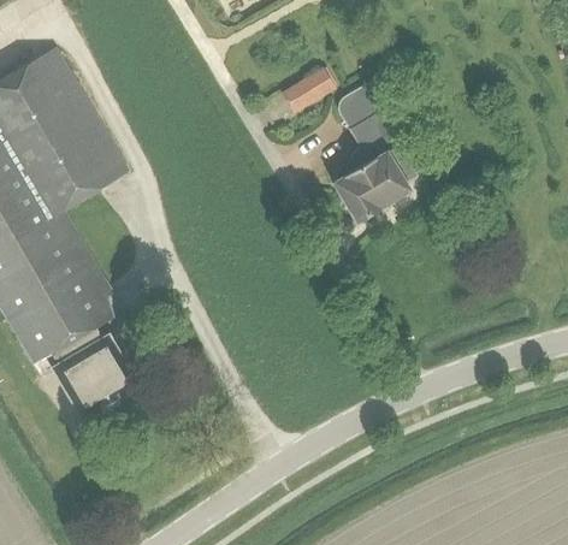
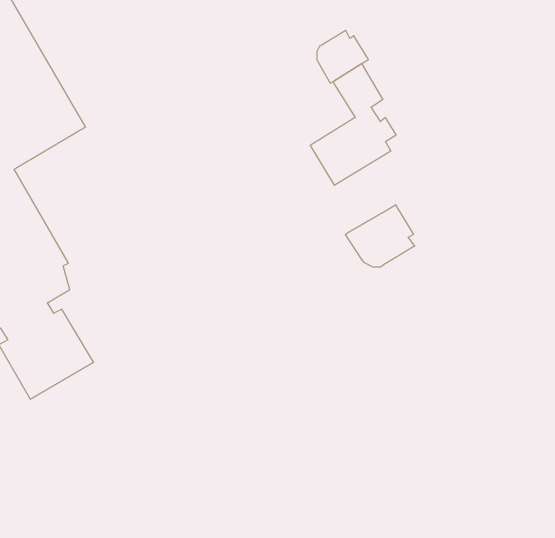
building: [282,65,337,112] -> none
building: none -> [345,205,415,267]

